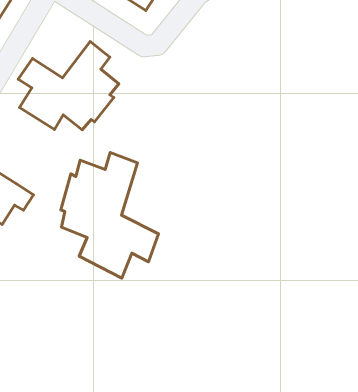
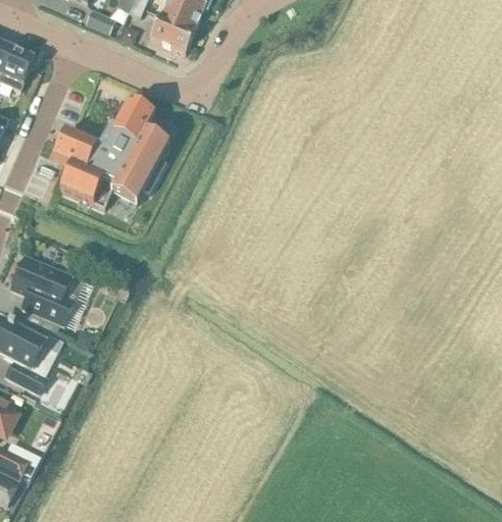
building: [61,152,158,278] -> none

